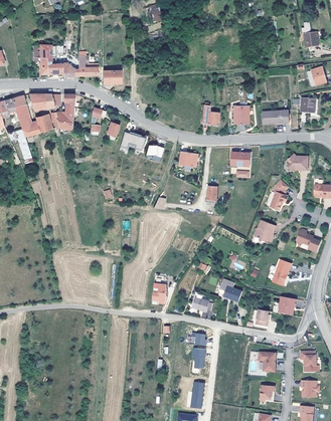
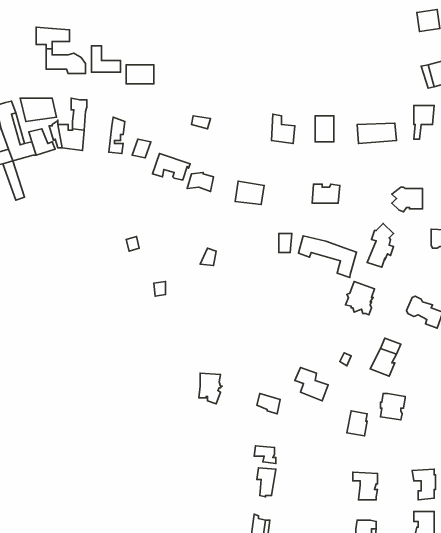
building: none -> [298,236,356,277]

